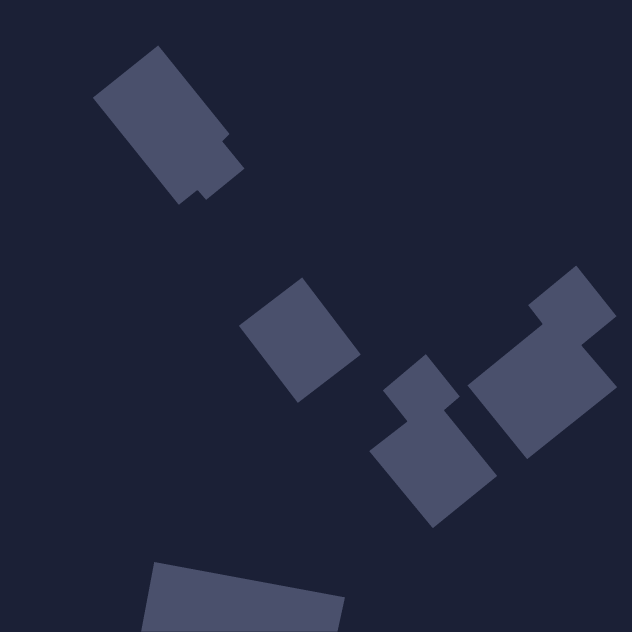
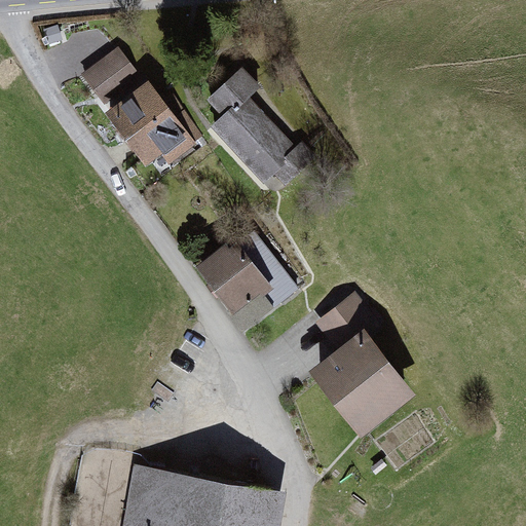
building: none -> [204,66,321,203]
building: [466,264,618,460] -> none

